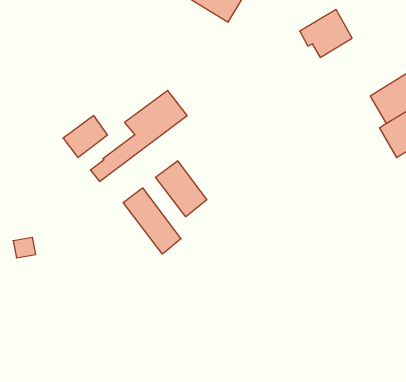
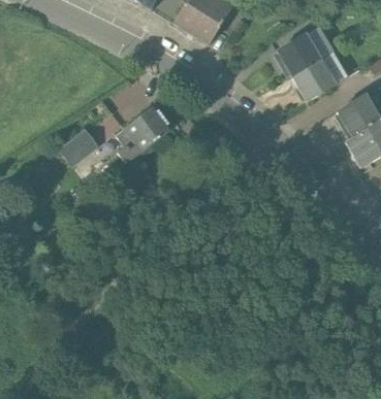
building: none -> [293,54,349,100]
building: [155,161,207,217] -> none
building: [123,188,181,254] -> none

